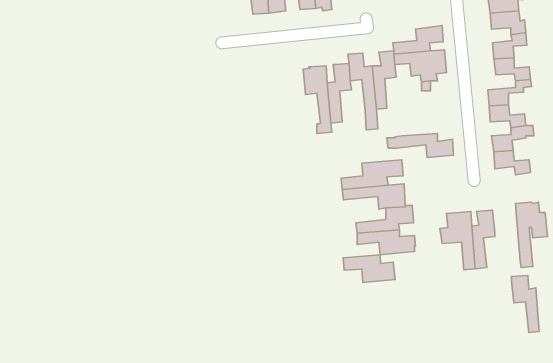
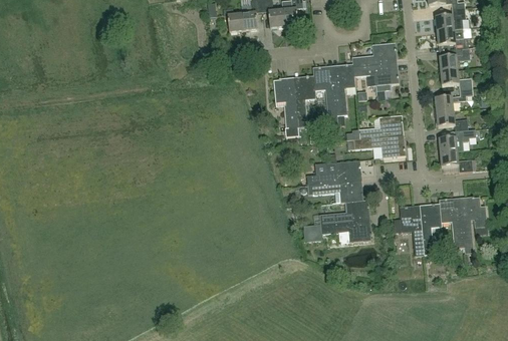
building: none -> [358,115,403,138]
building: [343,255,395,283] -> none
building: [512,275,539,333] -> [439,199,463,249]

